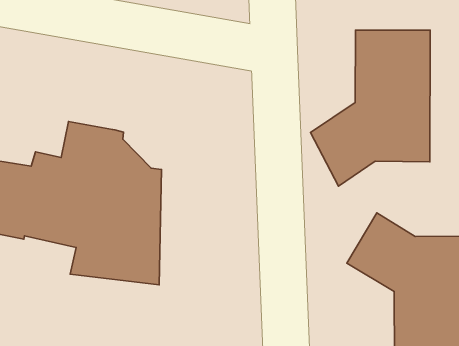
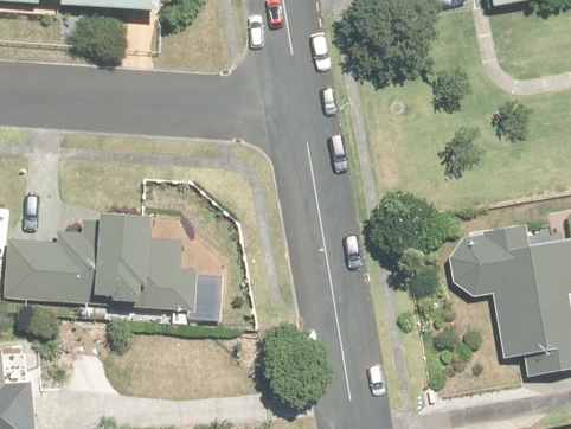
building: [310,30,430,186] -> none

